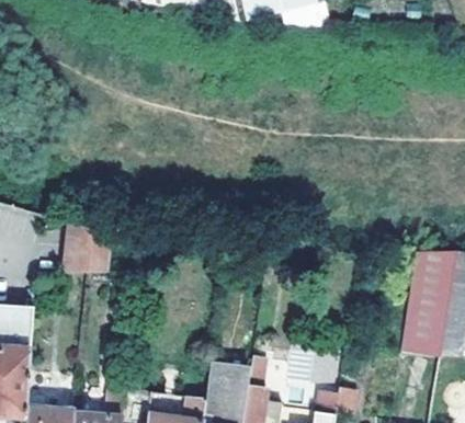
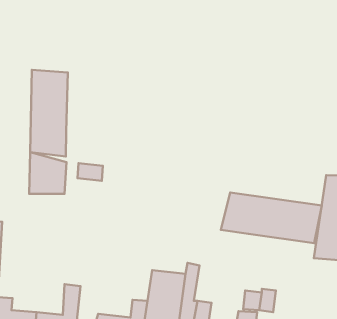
building: none -> [30,70,68,157]
building: none -> [221,193,322,243]

